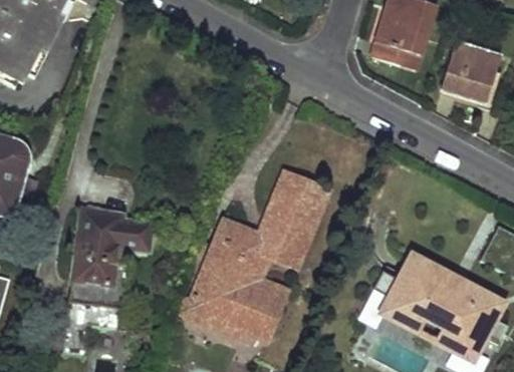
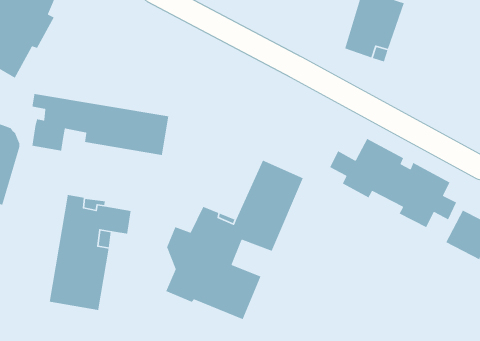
building: [442,43,501,102] -> none
building: none -> [31,93,169,156]
building: [369,254,503,348] -> [329,138,457,228]

